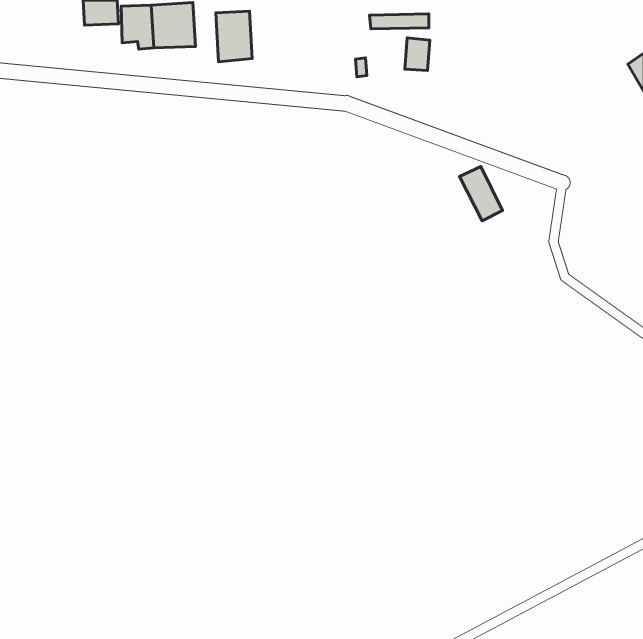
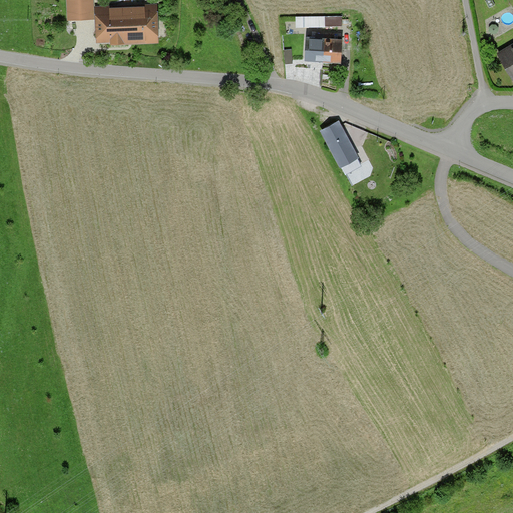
building: [216,11,252,62] -> none
building: none -> [307,33,325,59]
building: [460,167,502,221] -> [323,125,357,168]

